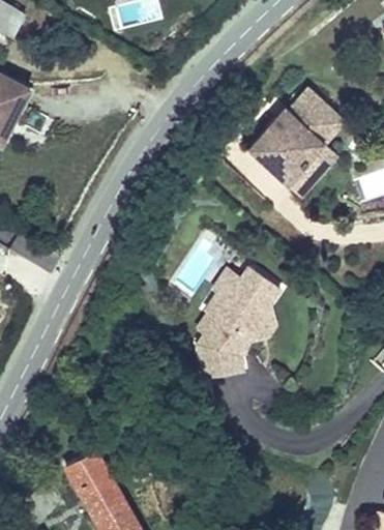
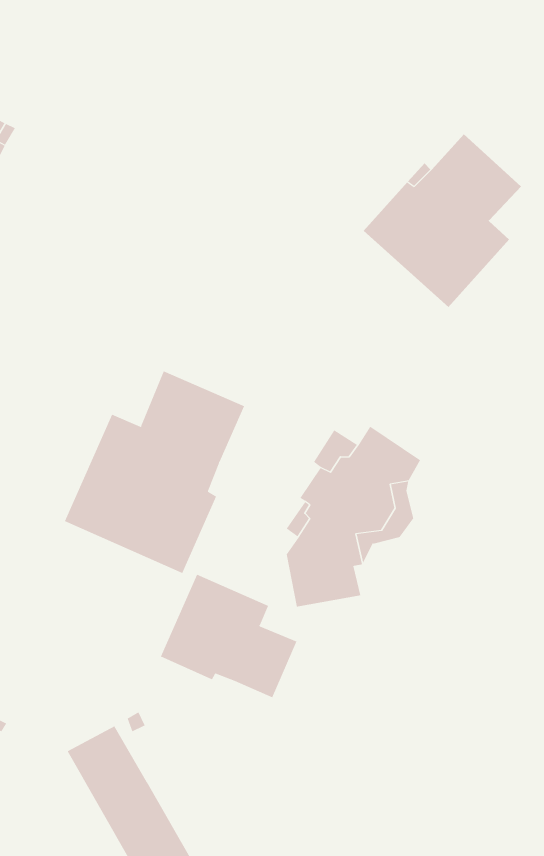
building: none -> [64,370,245,574]
building: none -> [160,574,297,698]

